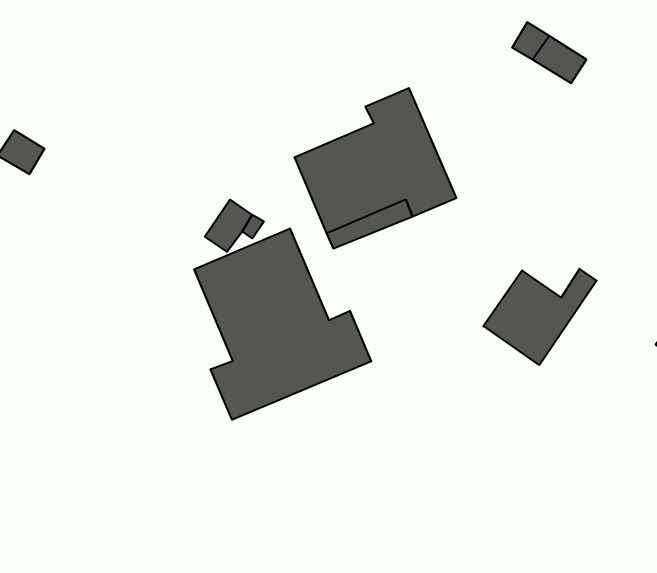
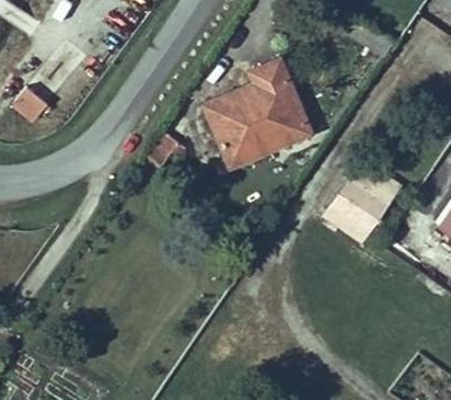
building: [194,228,371,420] -> none

